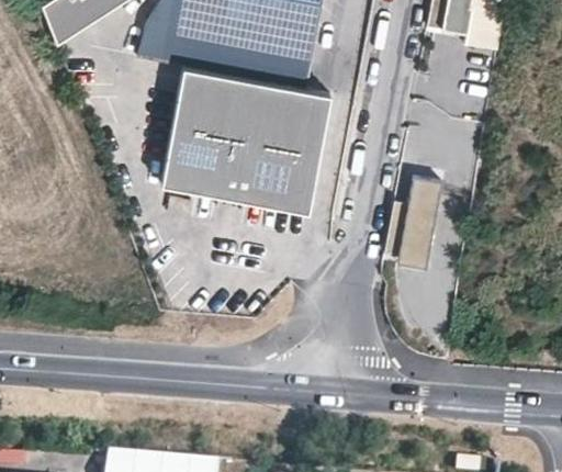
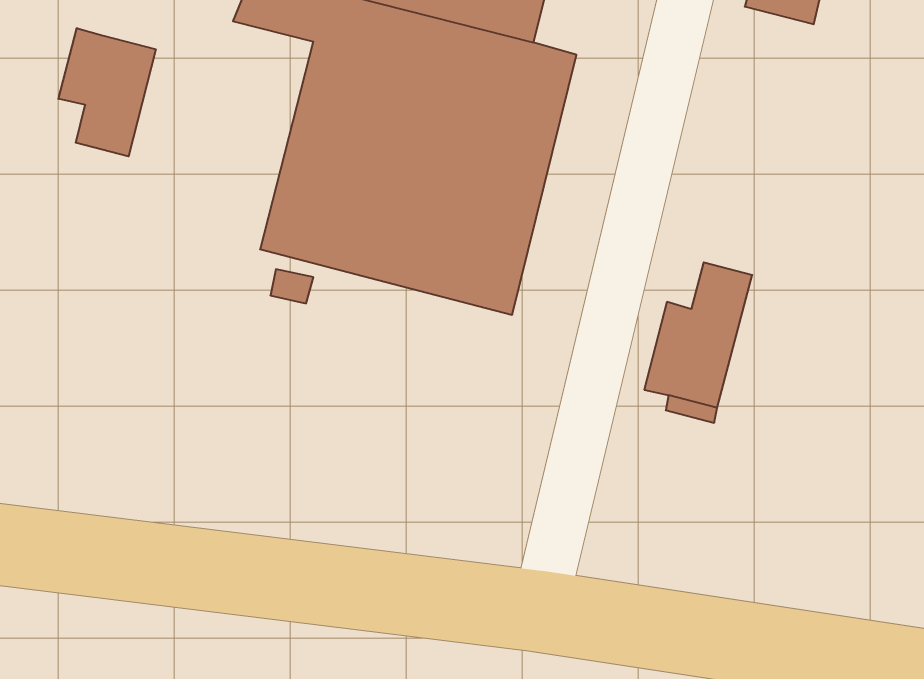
building: none -> [58,28,156,156]

